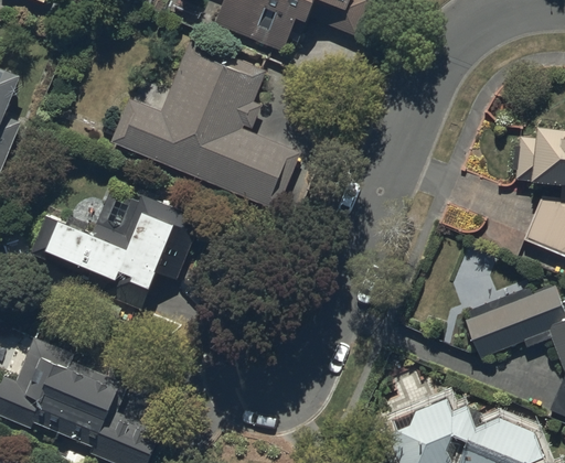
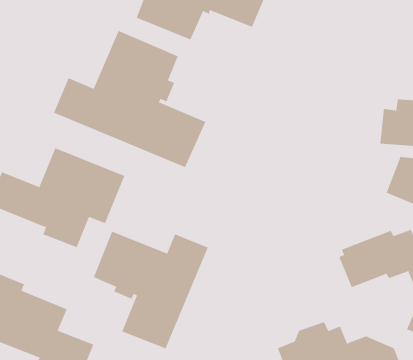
building: none -> [93,231,208,349]

